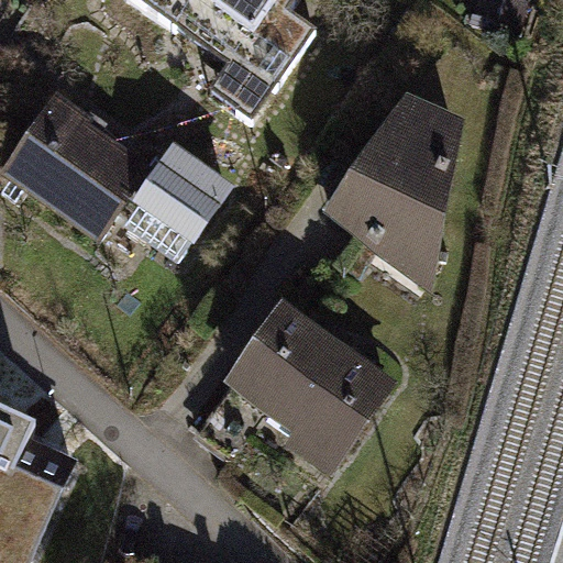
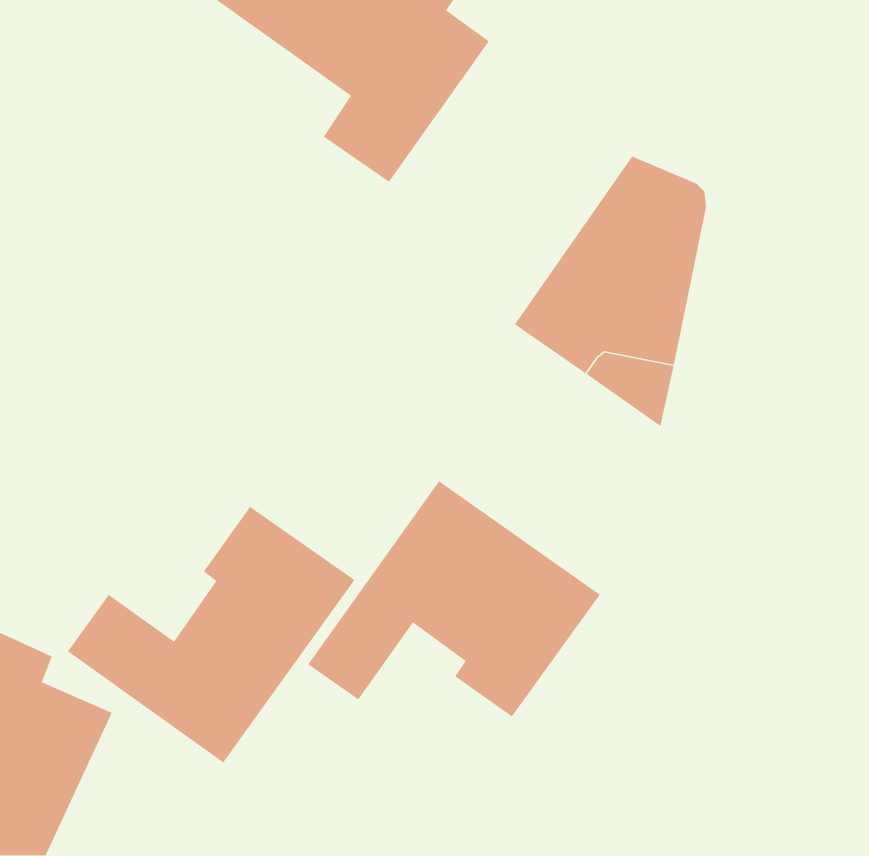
building: [4,93,225,253] -> none
building: none -> [67,506,355,763]

